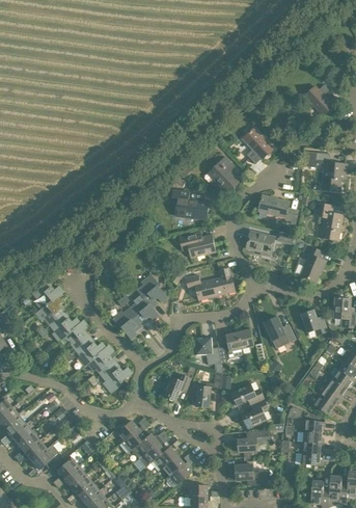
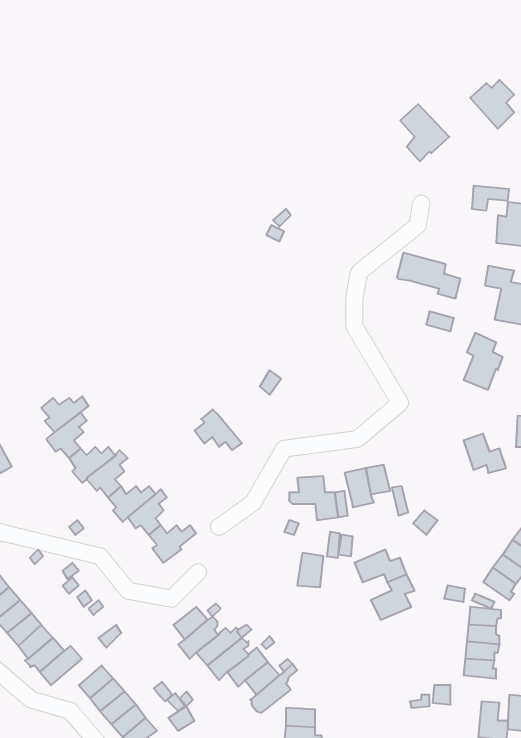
building: [243,128,274,164] -> [400,104,449,161]
building: [210,157,239,193] -> none
building: [174,189,209,219] -> none
building: [246,231,275,253] -> none
building: [179,233,216,258] -> none
building: [186,267,236,300] -> none
building: [137,274,167,301] -> none
building: [113,308,143,339] -> none
building: [265,316,296,348] -> none
building: [162,373,192,401] -> none
building: [238,430,270,452] -> none
building: [236,464,265,485] -> none

